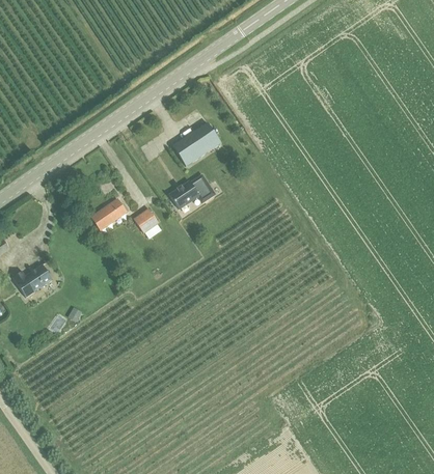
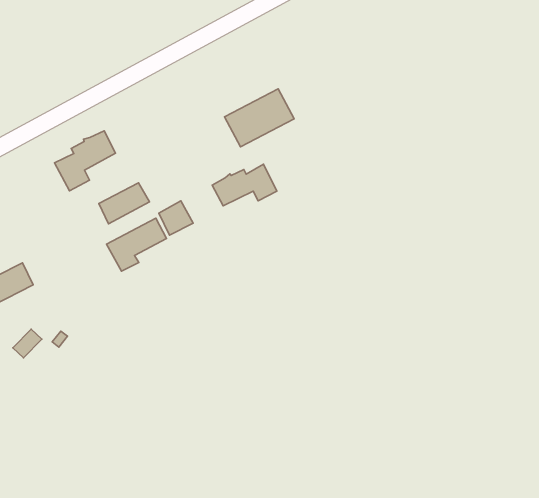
building: none -> [54,131,115,191]
building: none -> [107,218,167,271]

